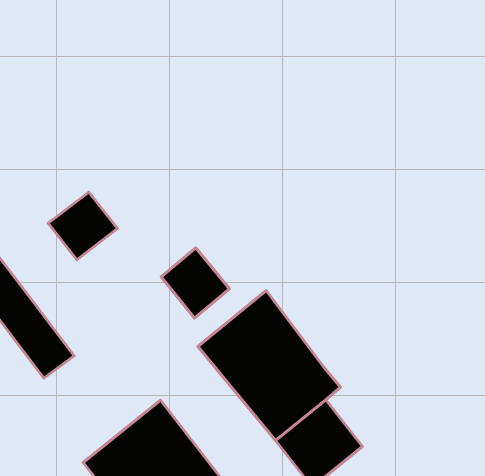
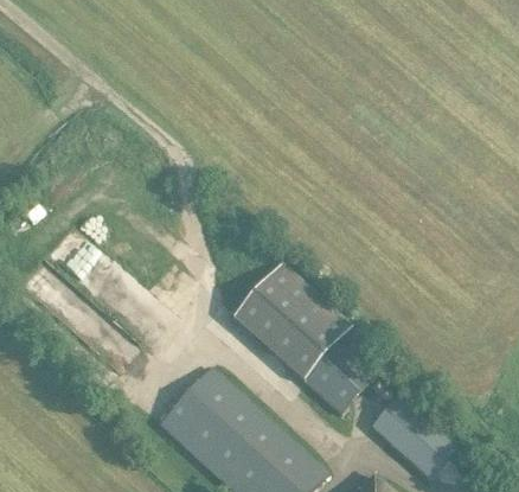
building: [48,192,118,260] -> none
building: [161,248,229,318] -> none

